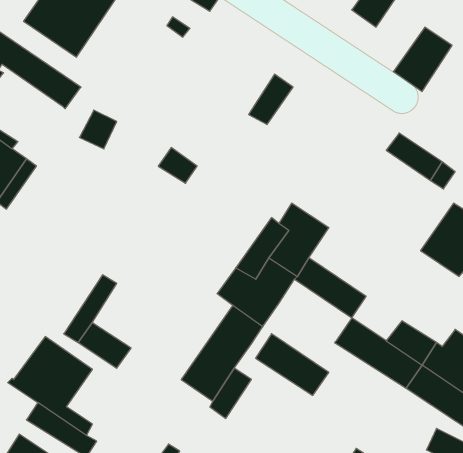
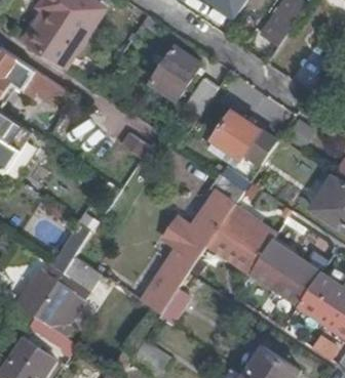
building: none -> [149,45,200,98]
building: none -> [207,112,276,167]
building: [256,334,329,395] -> [206,227,259,271]

